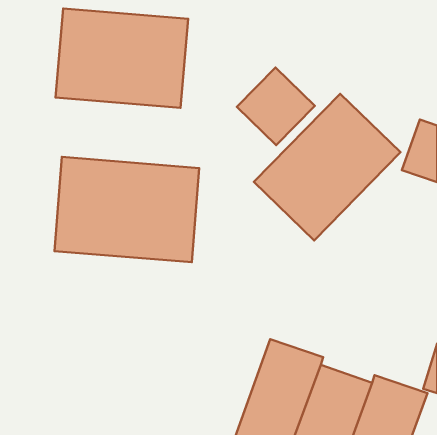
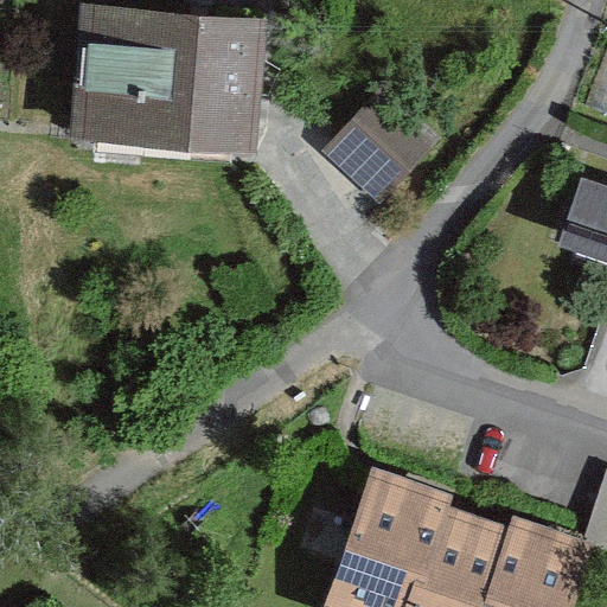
building: [254,94,400,240] -> none
building: [54,157,199,262] -> none

